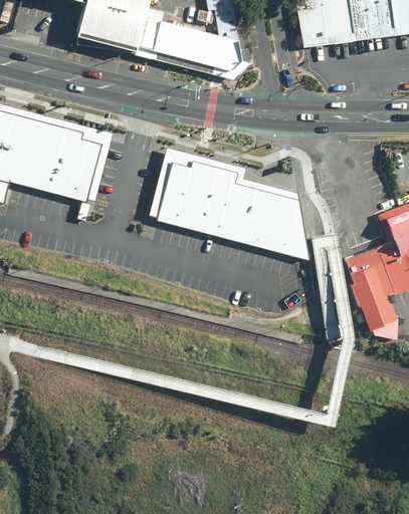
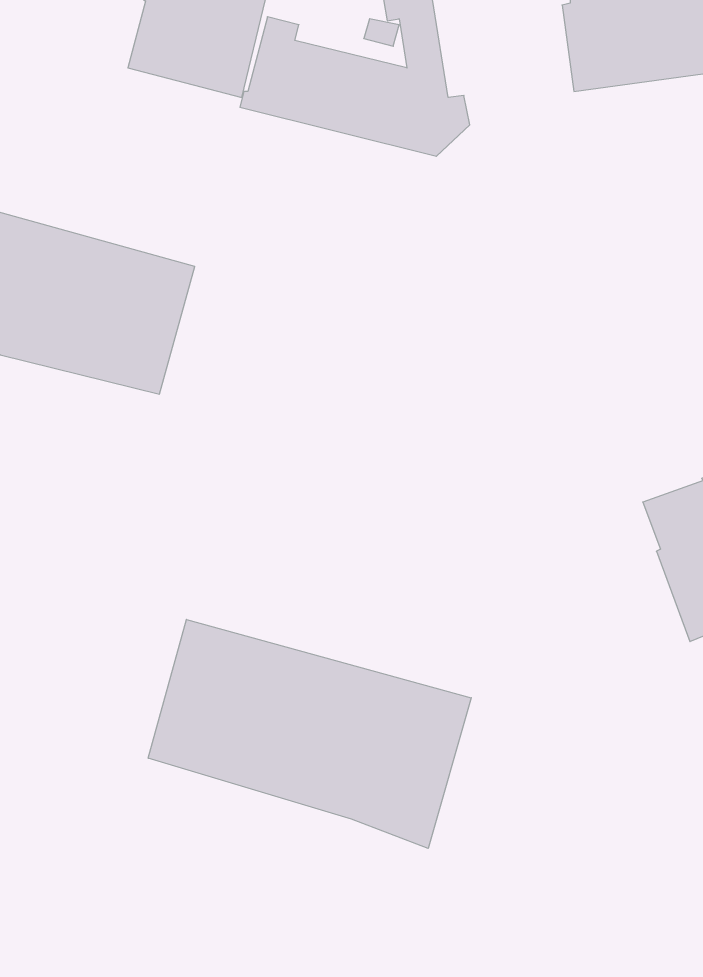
building: [150,146,311,259] -> none
building: none -> [148,619,471,848]

